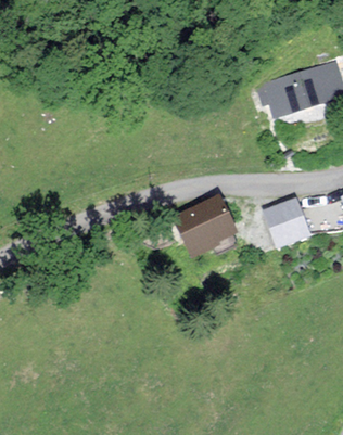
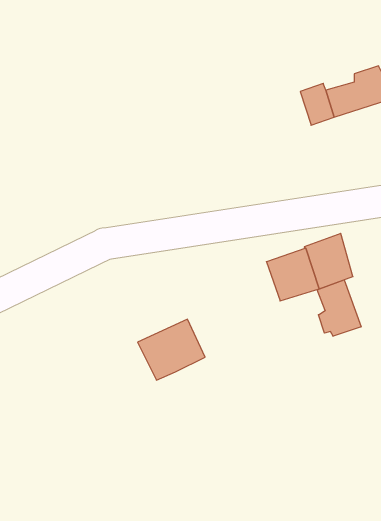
building: [180,199,234,247] -> [138,319,205,380]
building: none -> [317,280,361,336]

